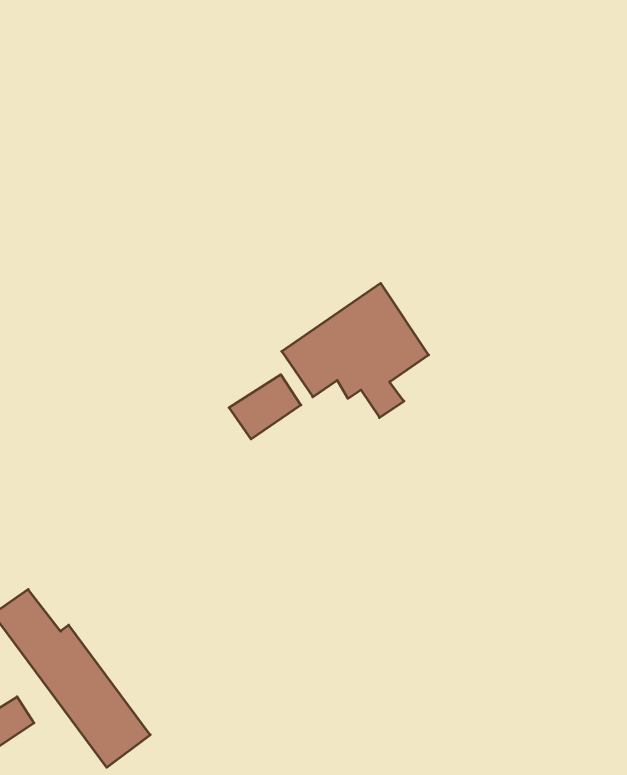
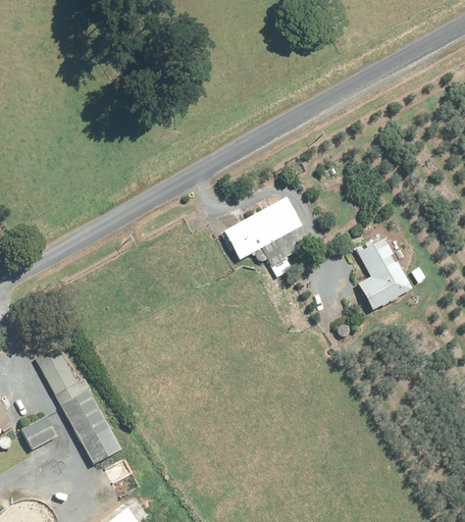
building: none -> [357,238,411,309]
building: [229,375,301,439] -> none

